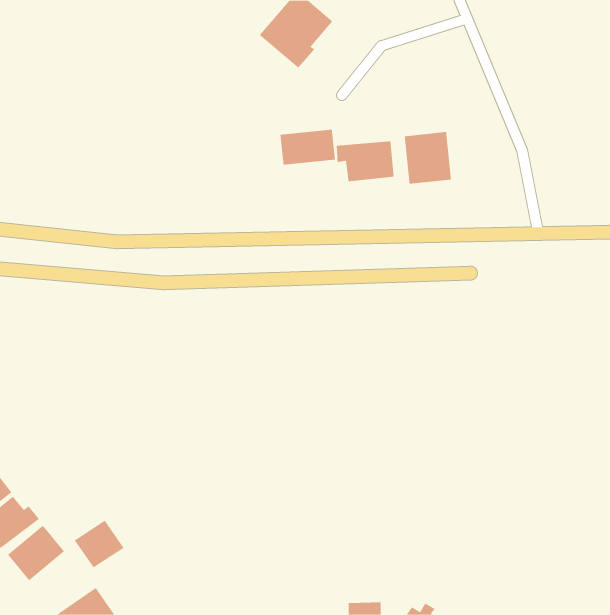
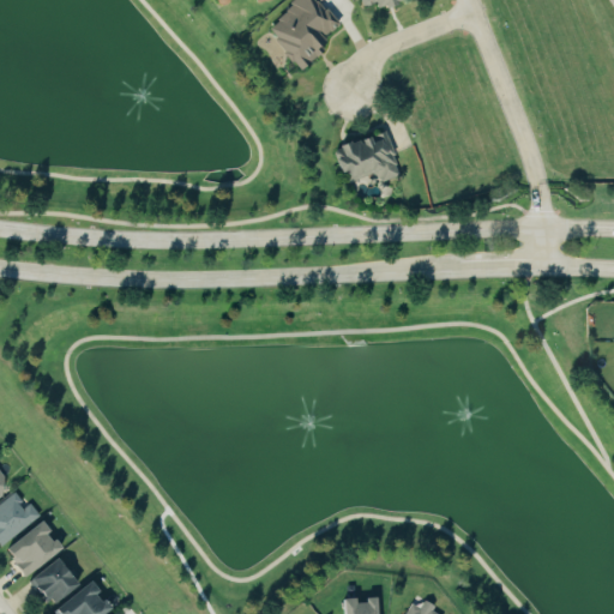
building: [280,129,336,166] -> none
building: [404,131,451,185] -> none
building: [74,520,124,568] -> [32,560,83,608]

